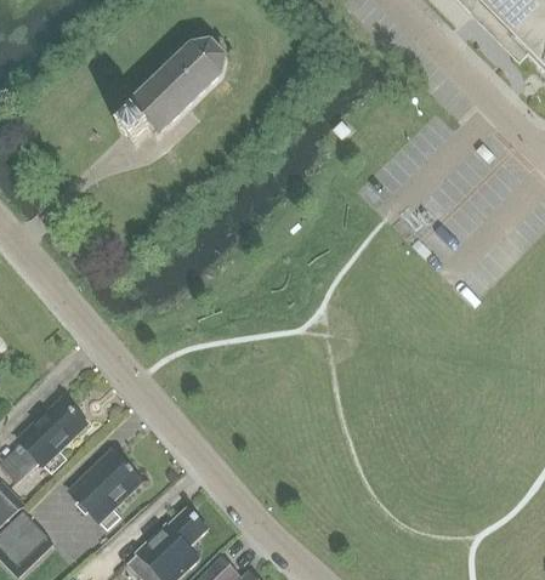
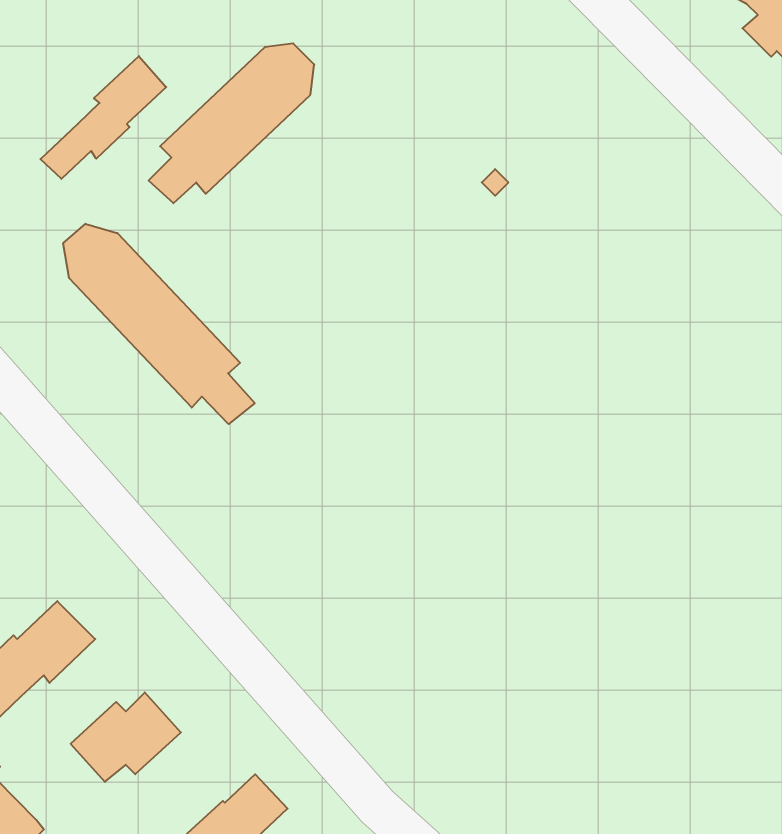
building: none -> [40,56,166,179]
building: none -> [63,224,255,424]

